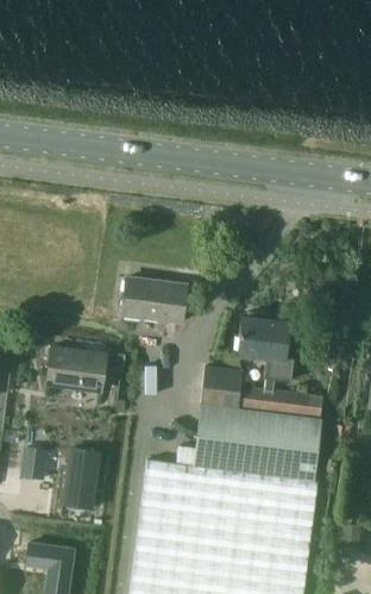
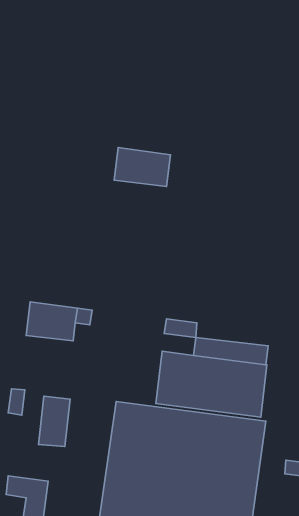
building: [121,277,186,321] -> [114,148,171,186]
building: [235,309,293,380] -> none
building: [201,382,239,407] -> none

